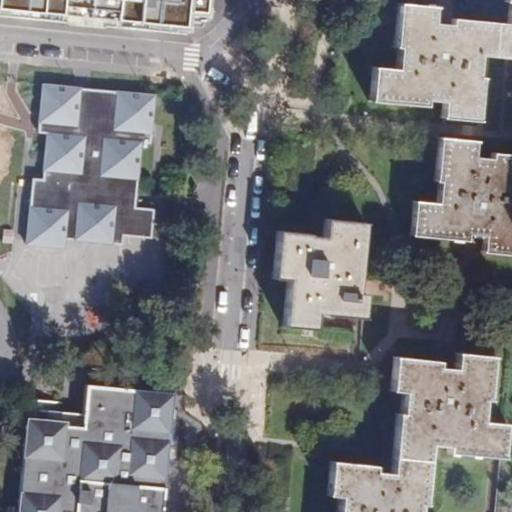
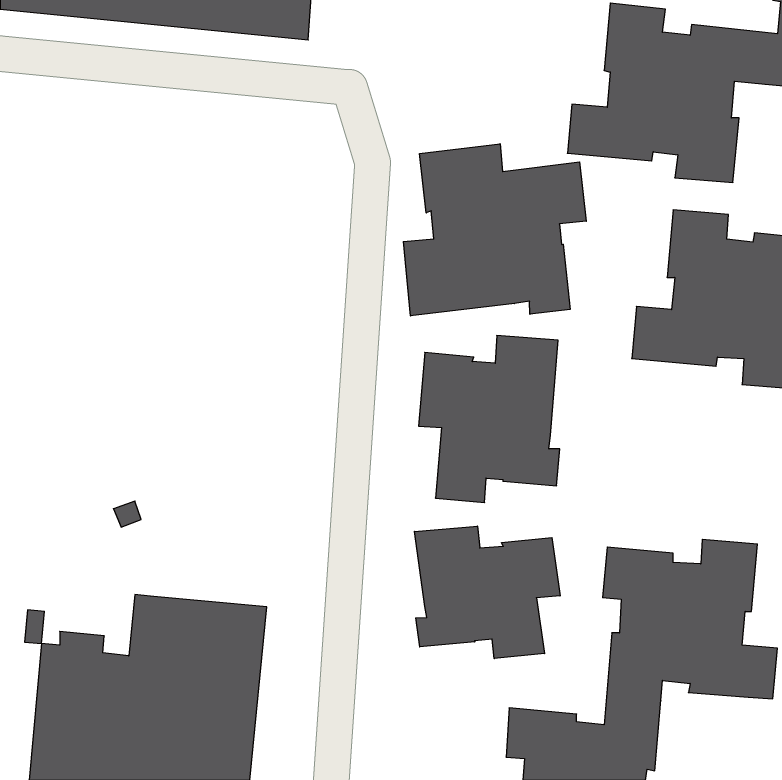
building: [28,87,154,247] -> none
building: none -> [403,144,586,316]
building: none -> [414,526,560,659]

